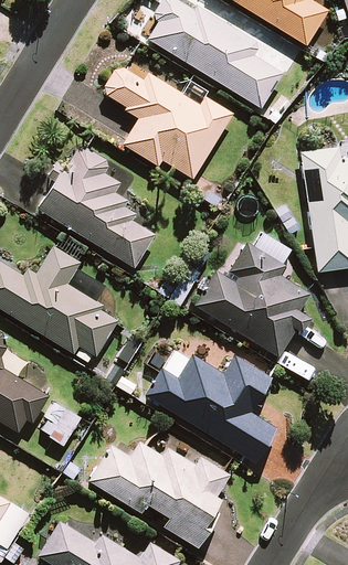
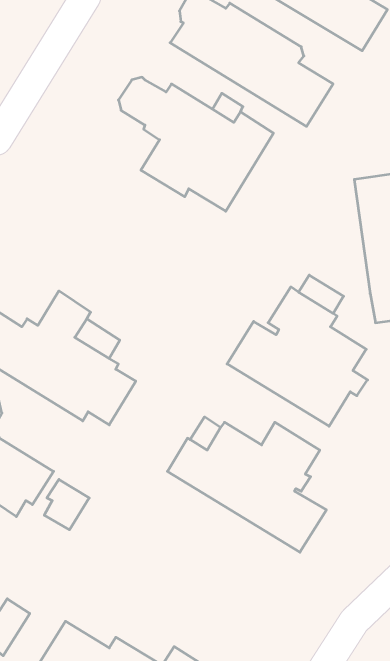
building: [38,147,156,268] -> none
building: [88,440,230,547] -> none

